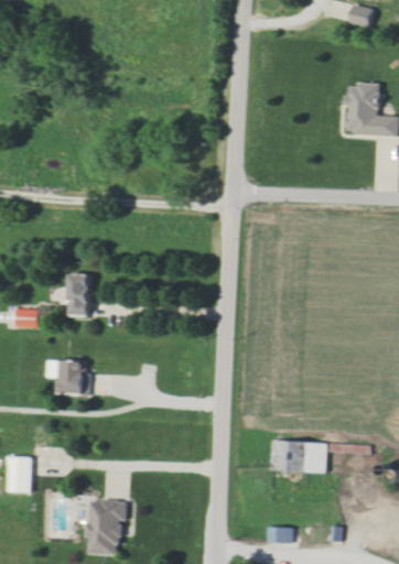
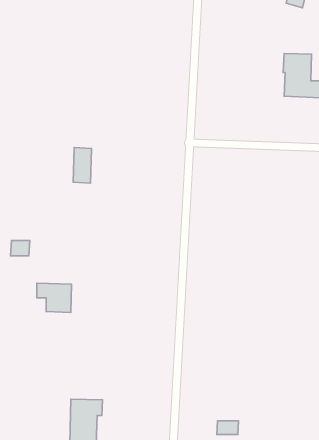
building: [69,273,91,316] -> [73,148,91,183]
building: [269,441,326,473] -> none
building: [9,457,31,491] -> none

